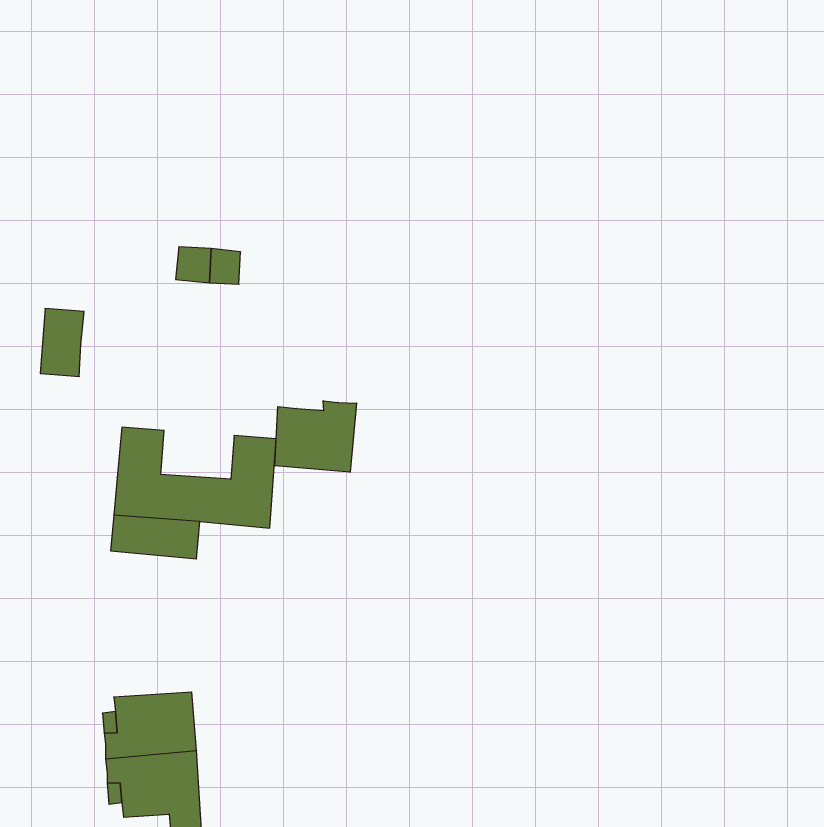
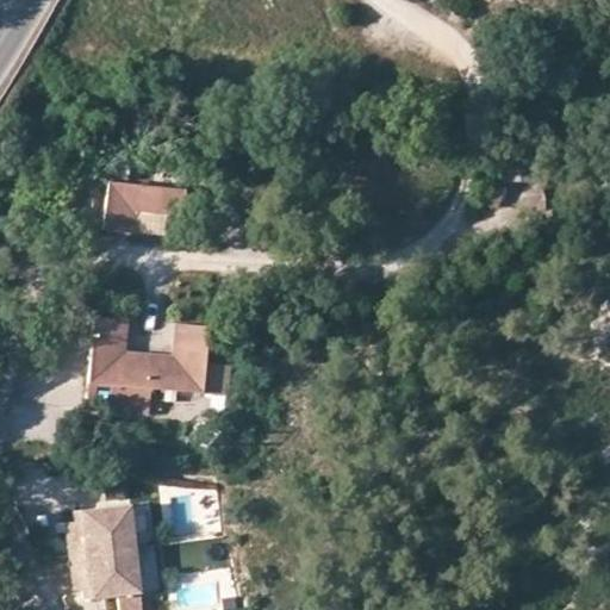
building: [40,308,84,377] -> [104,181,136,231]
building: [275,401,357,472] -> none

